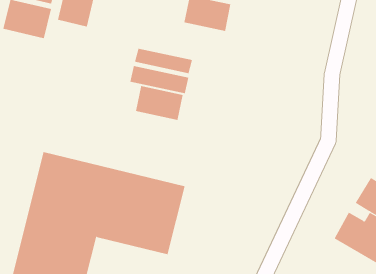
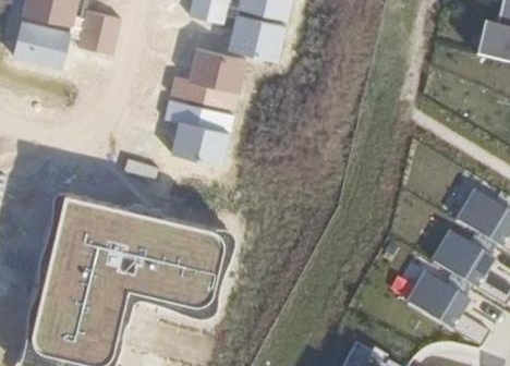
building: none -> [189,46,247,90]

